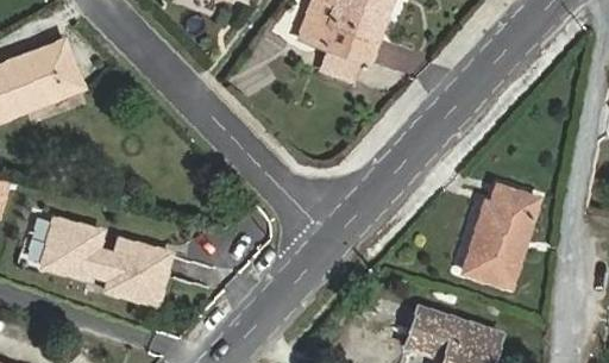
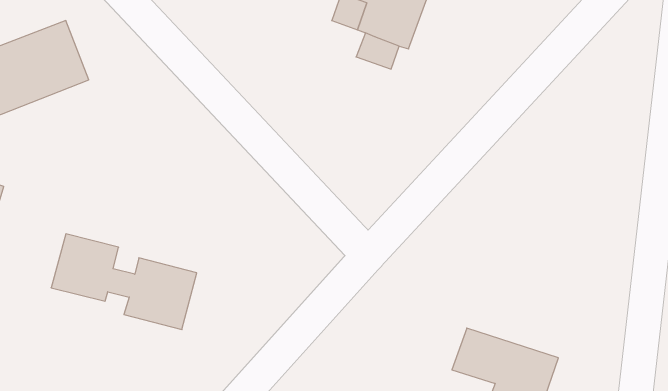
building: [463,186,536,284] -> none

